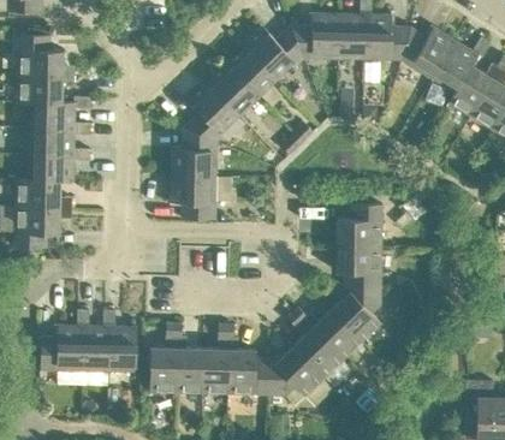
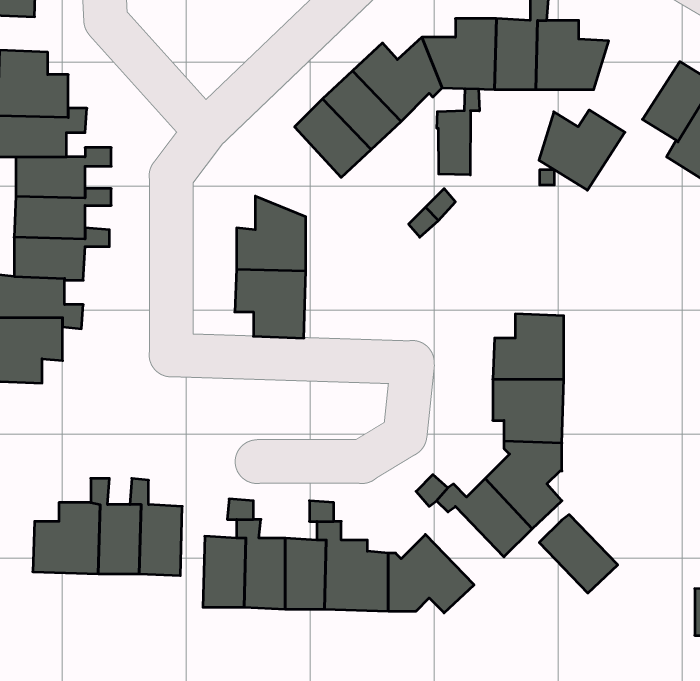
building: [402,26,457,78] -> [539,110,625,190]
building: none -> [437,89,479,175]
building: [184,83,239,141] -> none
building: [293,327,344,377] -> [539,515,618,593]

